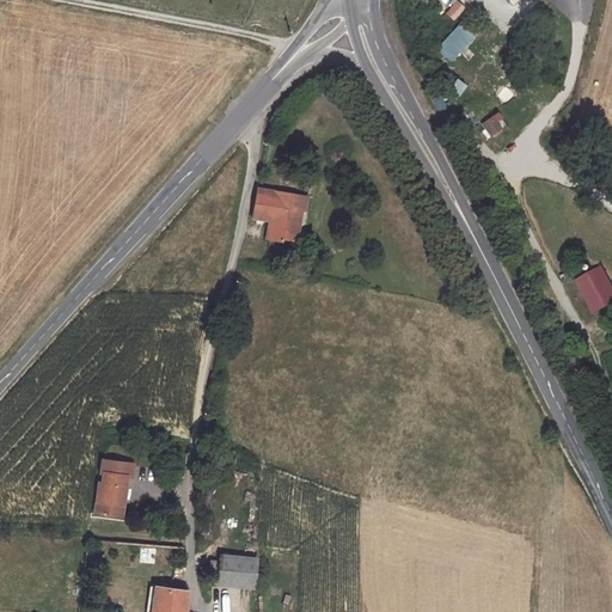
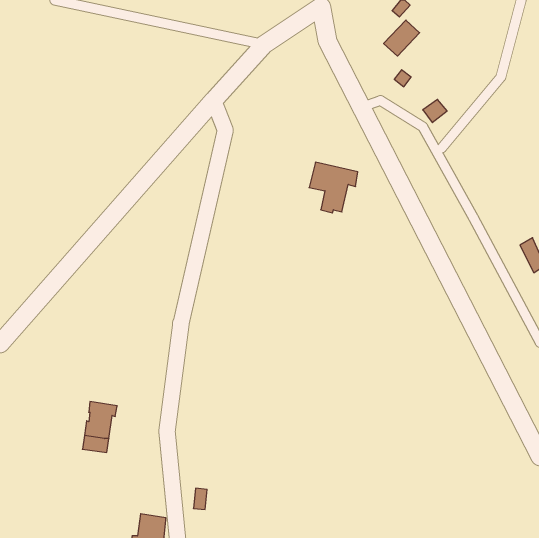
building: [249,188,304,245] -> [309,162,358,213]
building: [233,556,258,580] -> none

